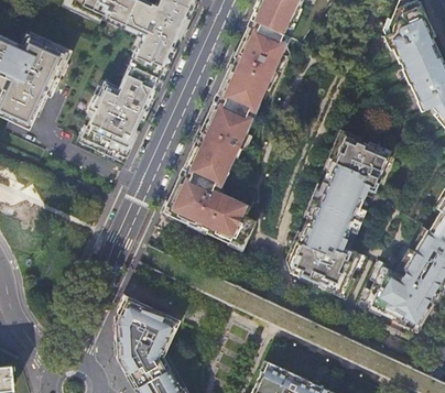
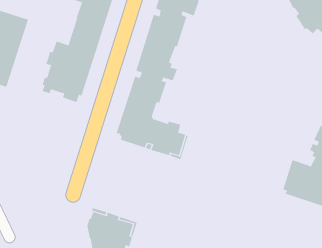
building: [289,137,388,293] -> none

